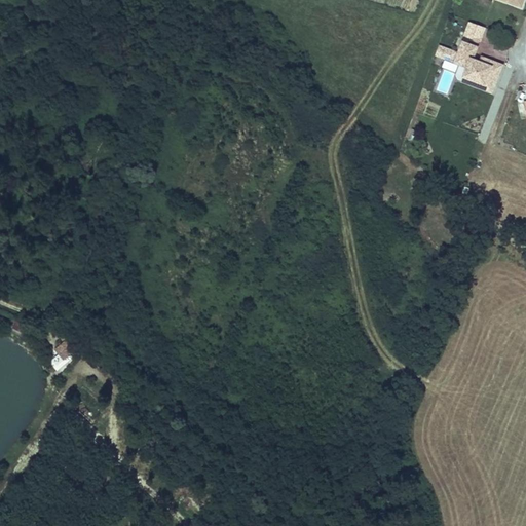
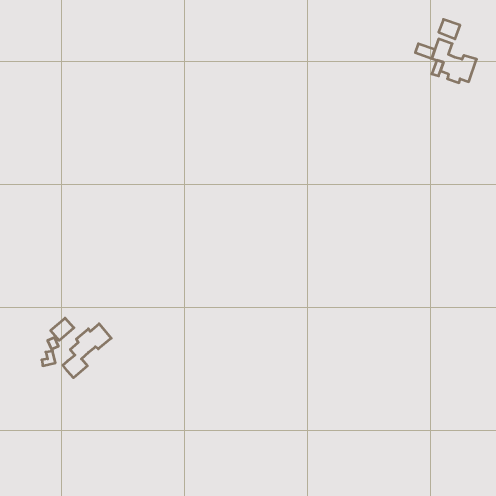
building: none -> [63,324,111,378]

